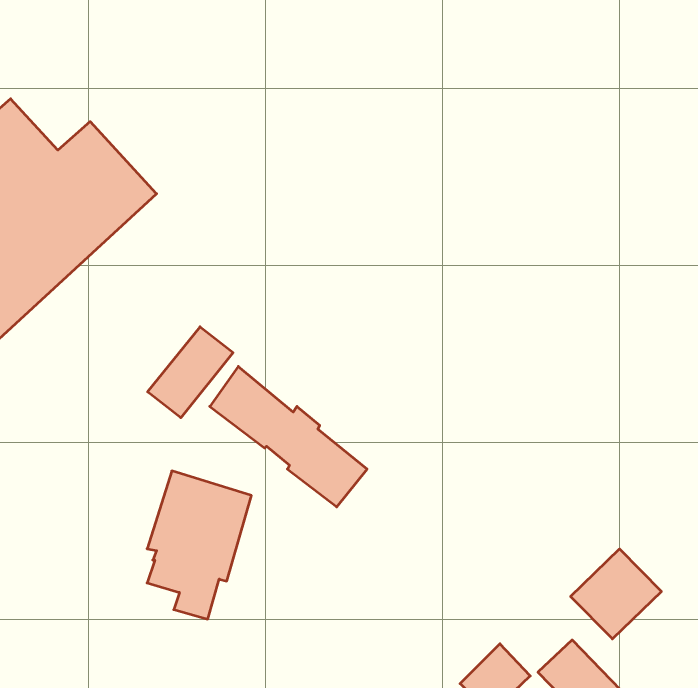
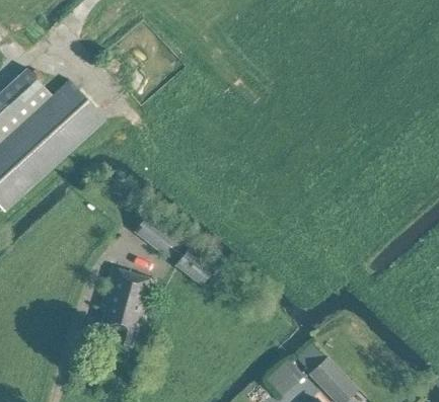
building: [148,327,233,418] -> none
building: [571,549,661,639] -> none

